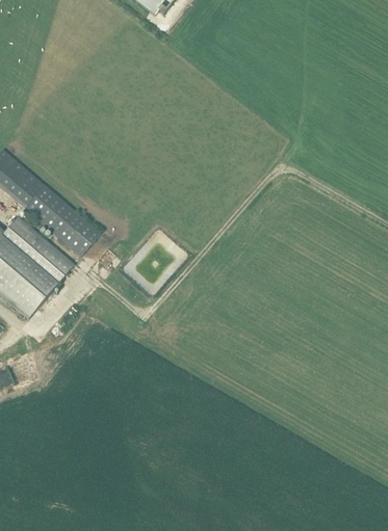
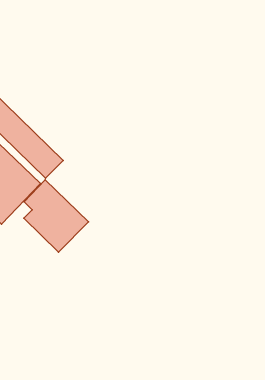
building: none -> [24,180,88,252]

